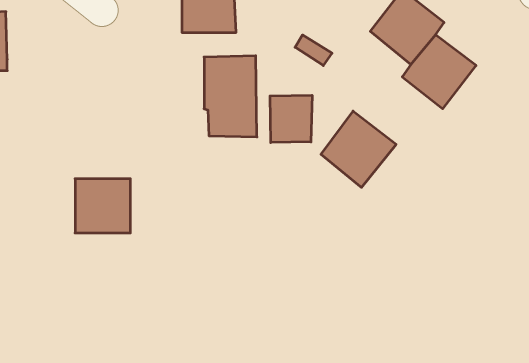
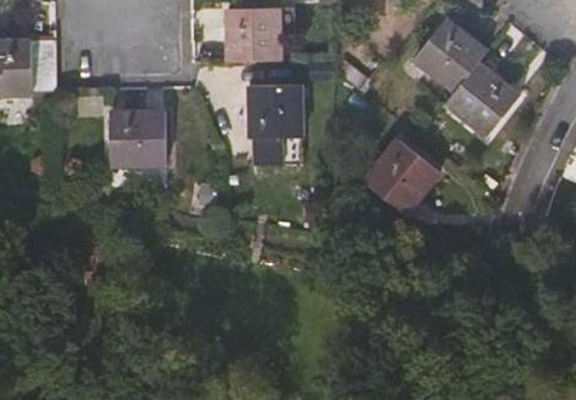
building: [270,95,312,143] -> none
building: [75,179,130,233] -> [110,112,165,165]

